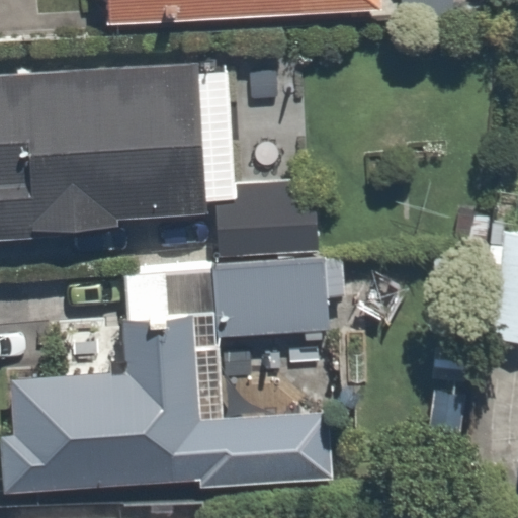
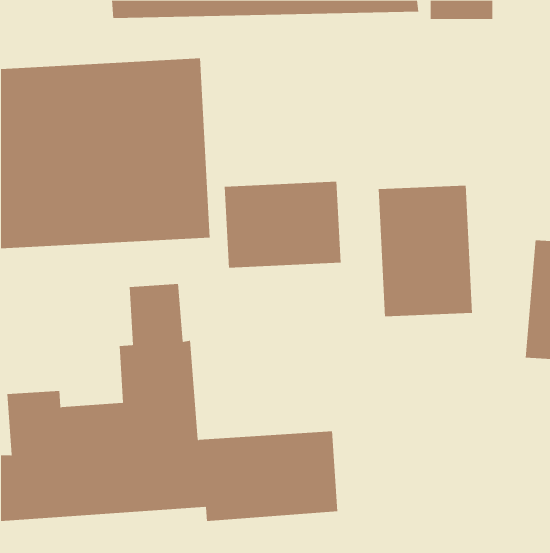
building: none -> [378,185,472,317]
building: [218,260,338,340] -> none

